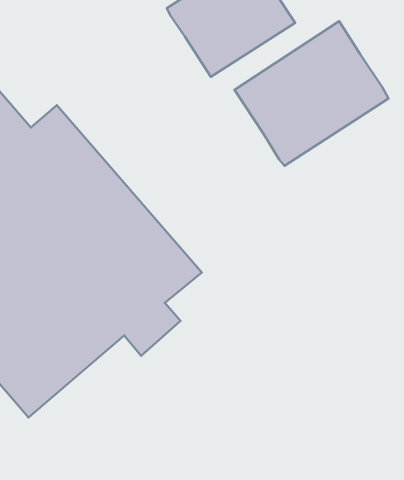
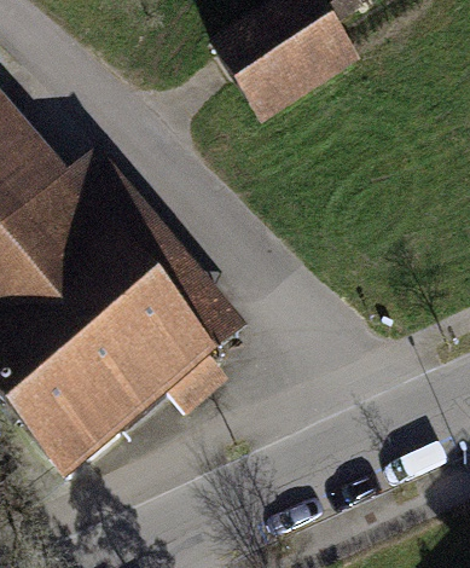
building: [234,21,389,166] -> none

